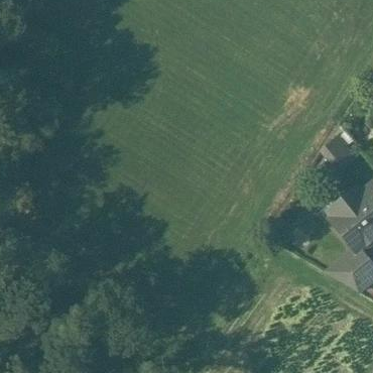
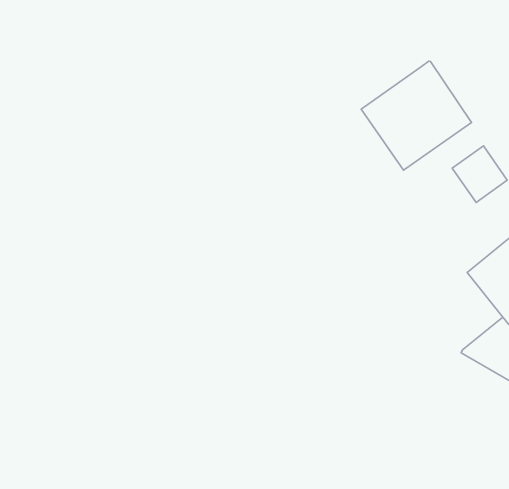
building: none -> [361,61,472,170]

